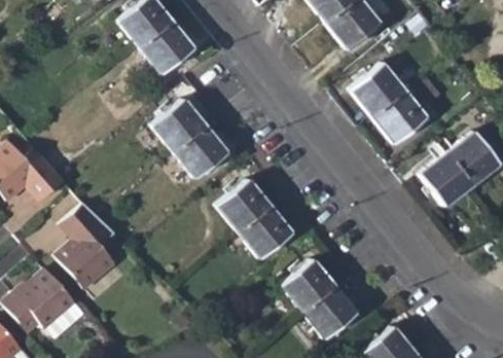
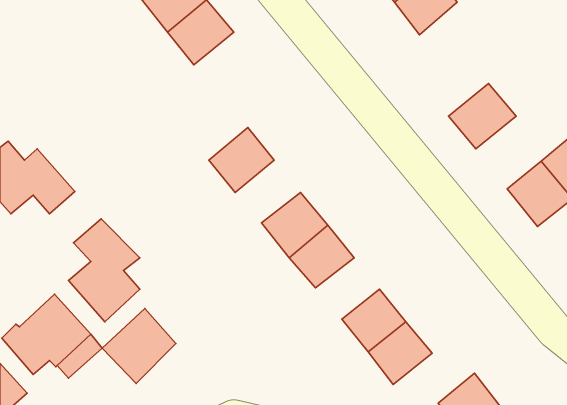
building: [350,65,403,117] -> none
building: [151,100,206,153] -> none
building: none -> [102,309,176,383]

